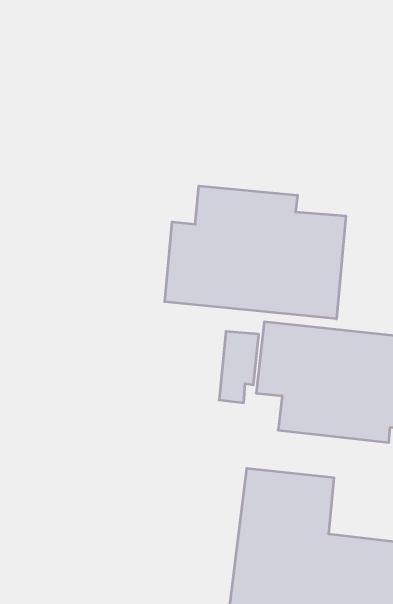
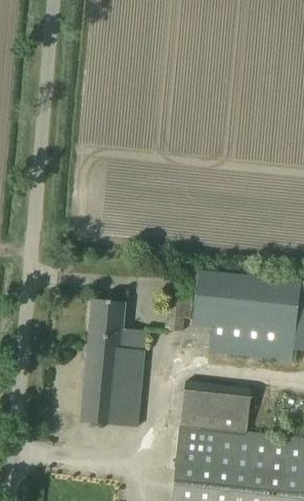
building: [165,186,346,319] -> none
building: none -> [81,300,146,427]

